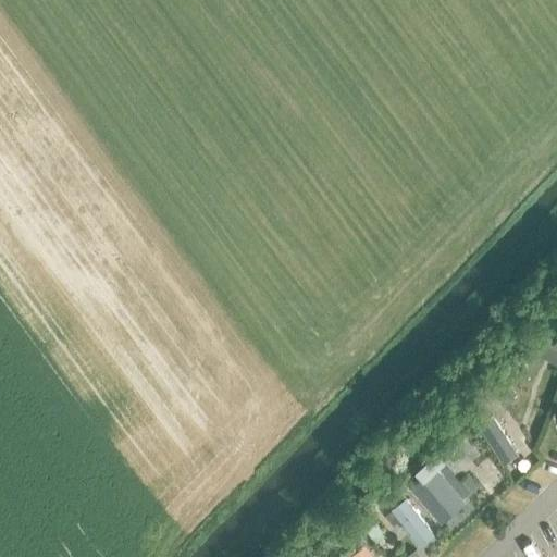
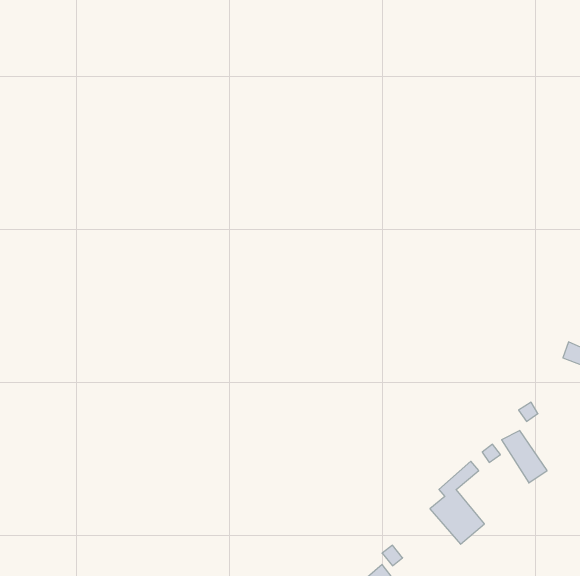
building: [391,499,433,548] -> none

